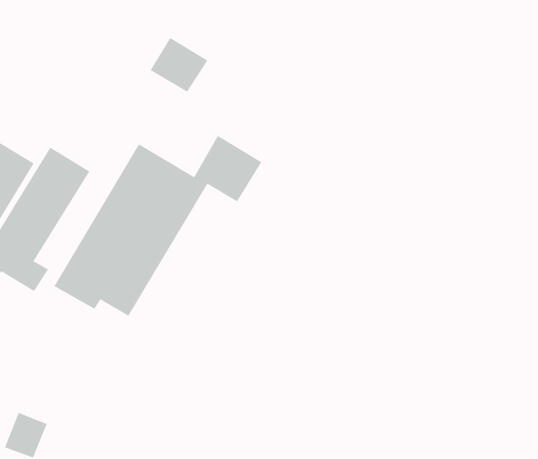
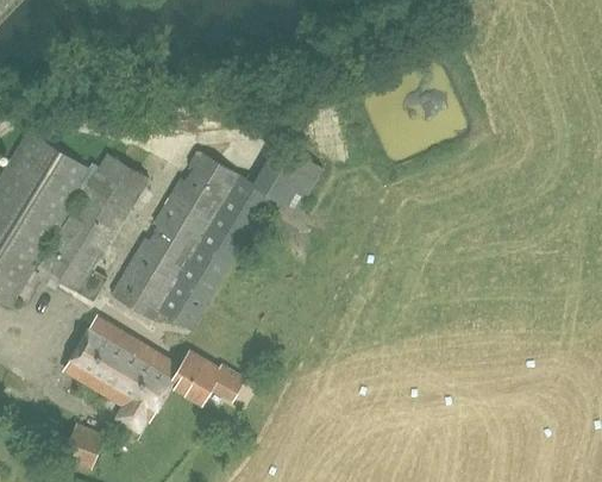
building: [150,37,208,92] -> none
building: none -> [65,319,243,426]

